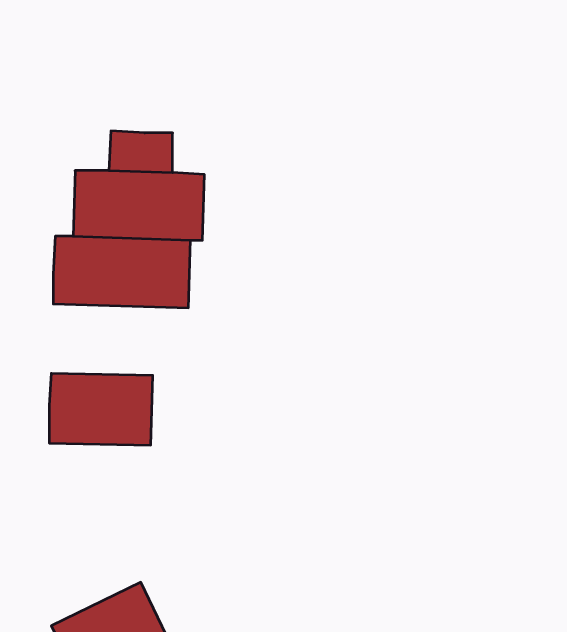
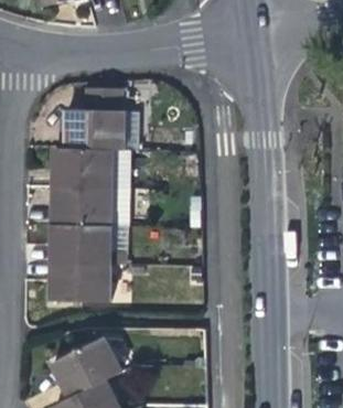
building: none -> [53,184,129,225]
building: none -> [51,261,108,302]

